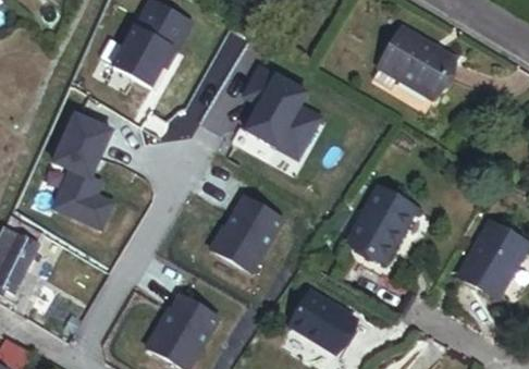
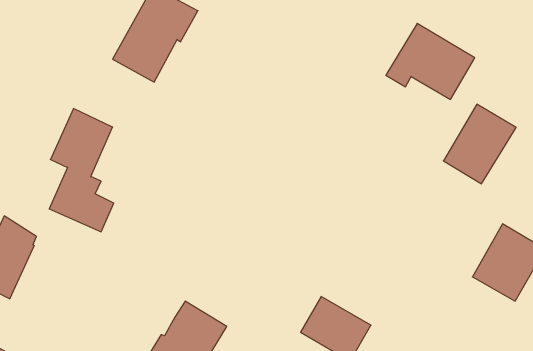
building: [244,65,322,160] -> none
building: [348,184,417,259] -> [443,104,516,184]
building: [211,196,284,272] -> none

